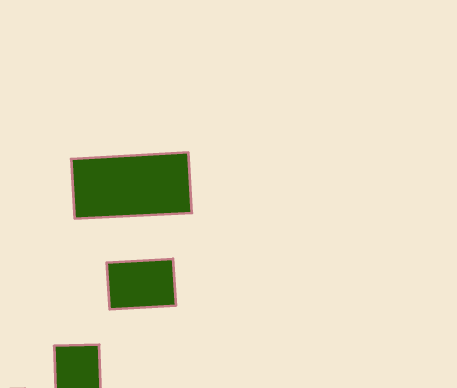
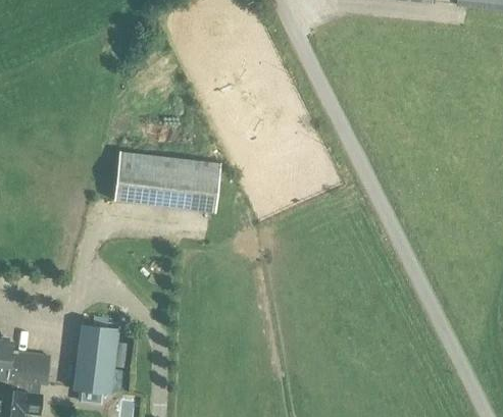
building: [107,259,176,309] -> none

